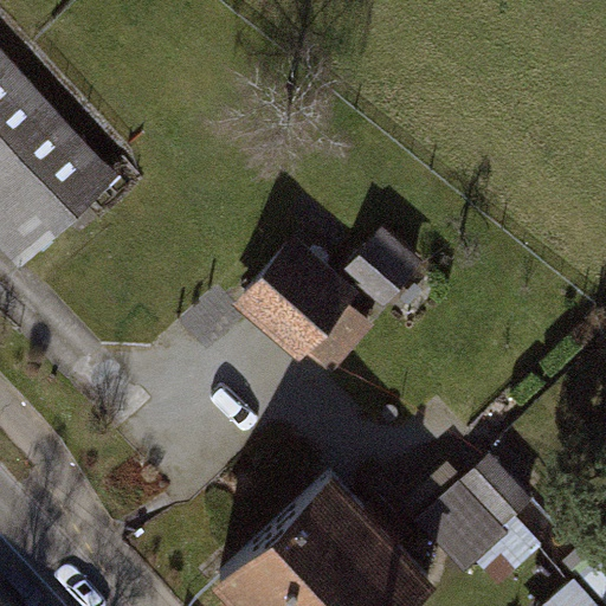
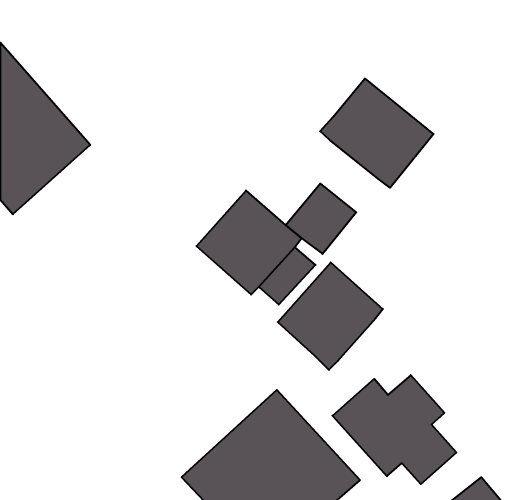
building: none -> [320,79,434,188]
building: none -> [278,262,383,370]

